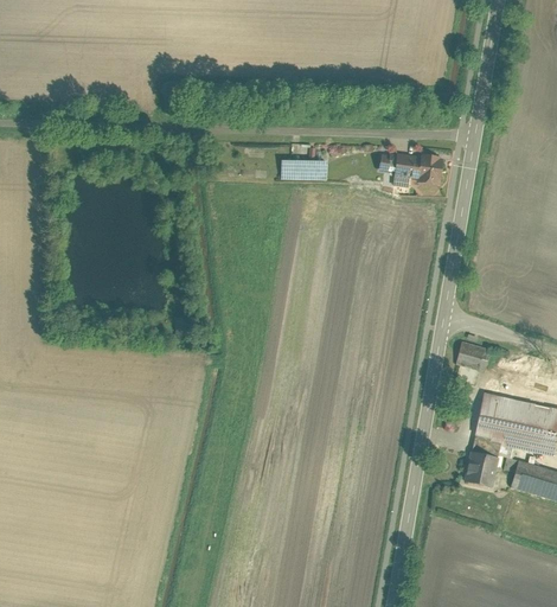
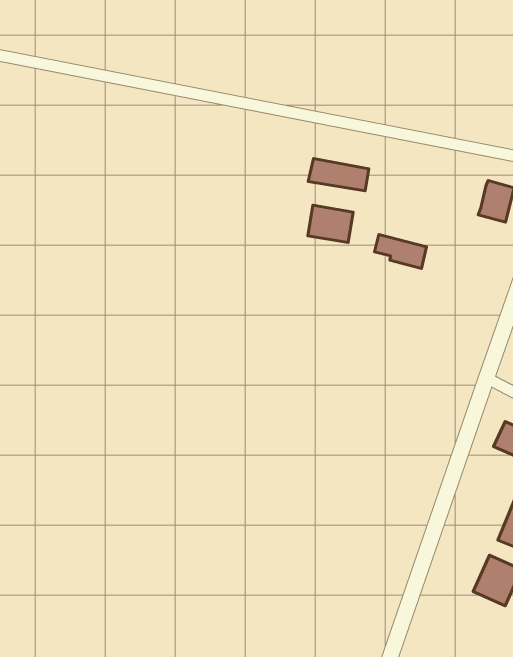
building: [379,155,420,177] -> [375,235,426,268]
building: none -> [308,205,353,243]

